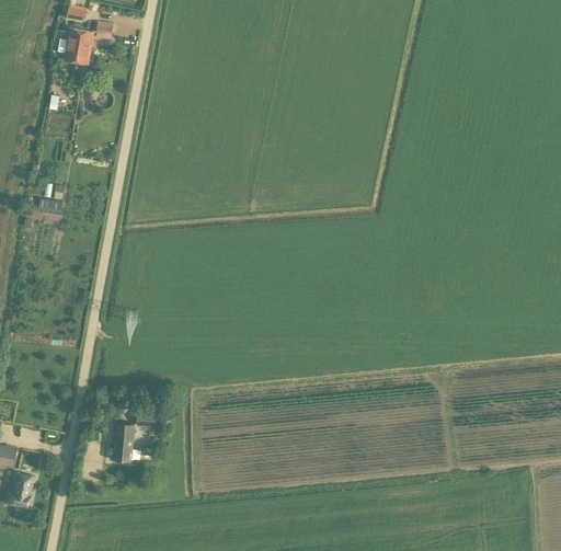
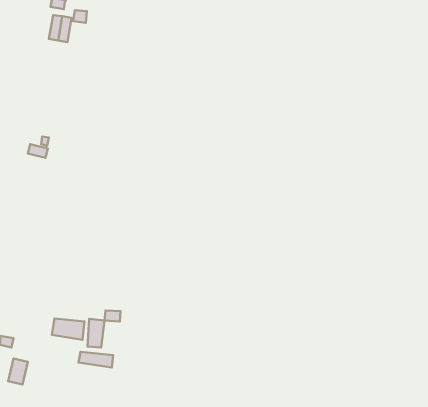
building: none -> [52,319,85,340]
building: none -> [78,352,113,367]

